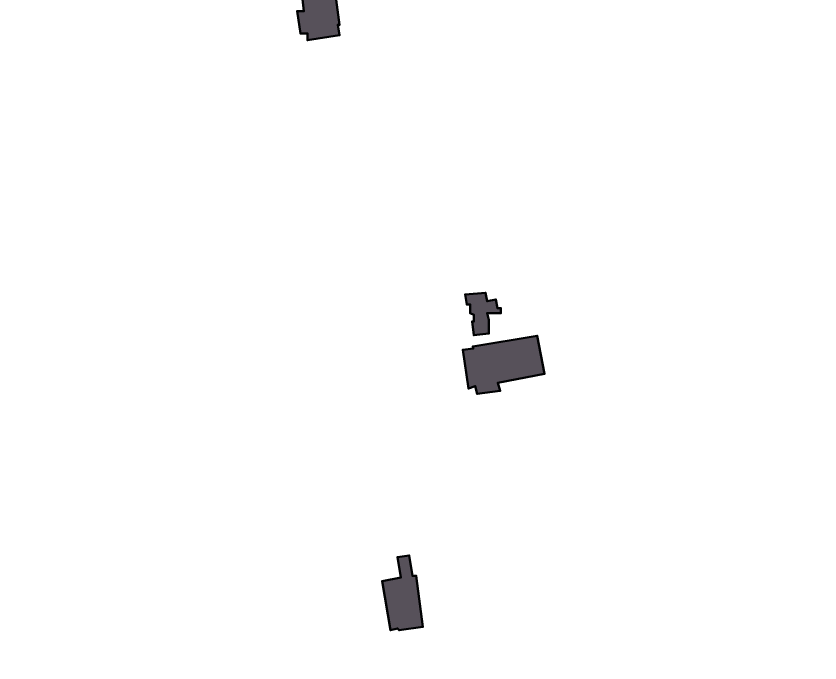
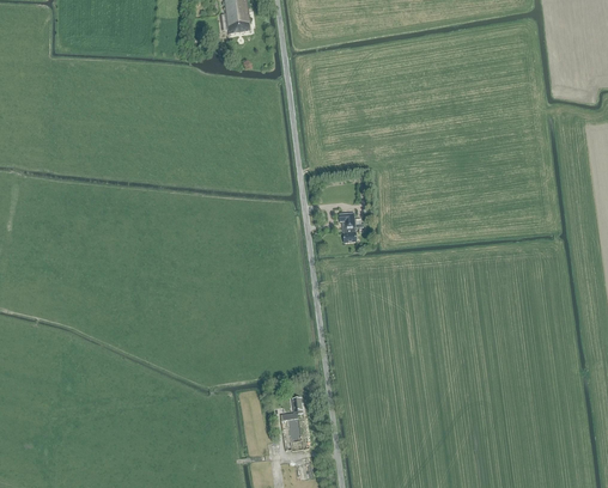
building: [463,336,544,394] -> none

